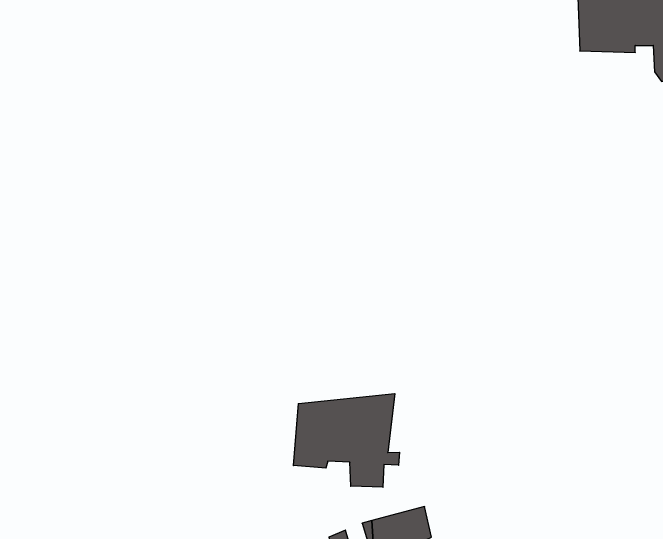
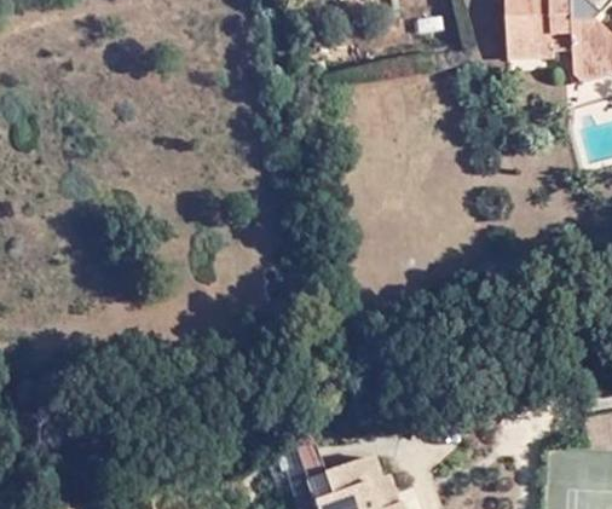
building: [293,394,399,487] -> none

